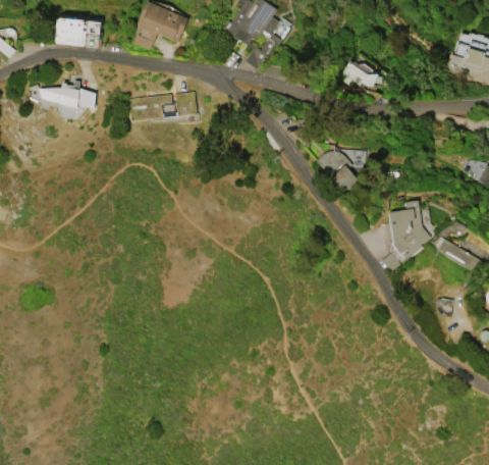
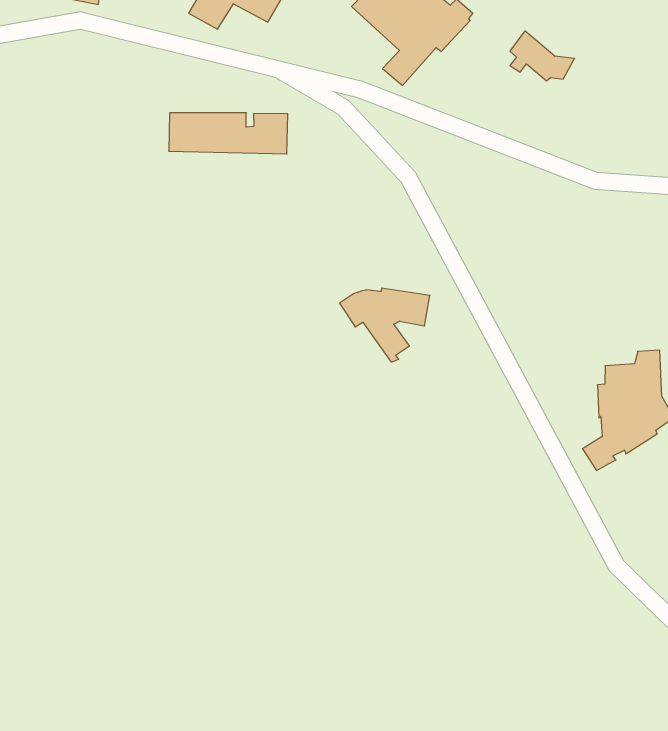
building: [342,61,379,88] -> [510,31,575,81]
building: [40,81,97,109] -> none
building: [317,149,367,190] -> [340,288,430,362]

